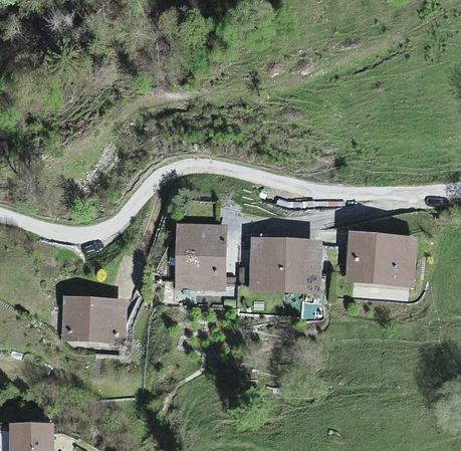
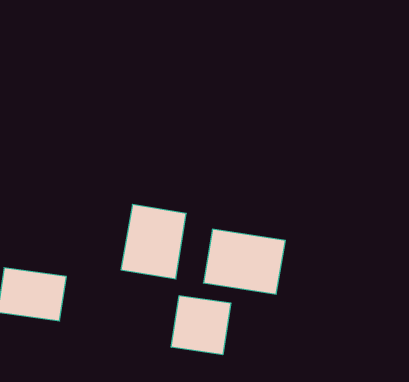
building: [344,230,416,287] -> none
building: none -> [171,296,231,355]

